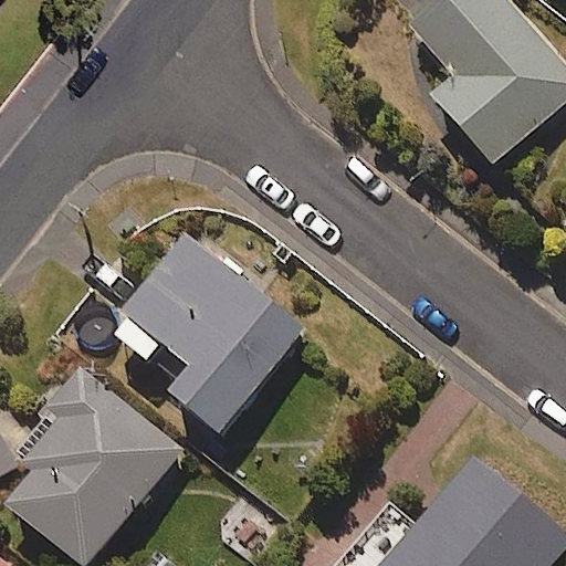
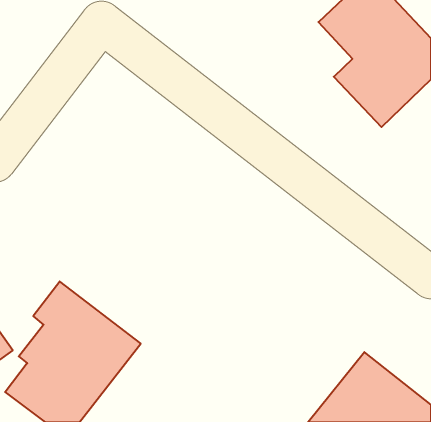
building: [113,238,303,437] -> none

